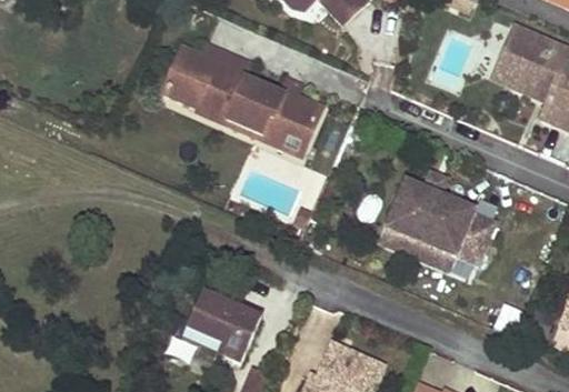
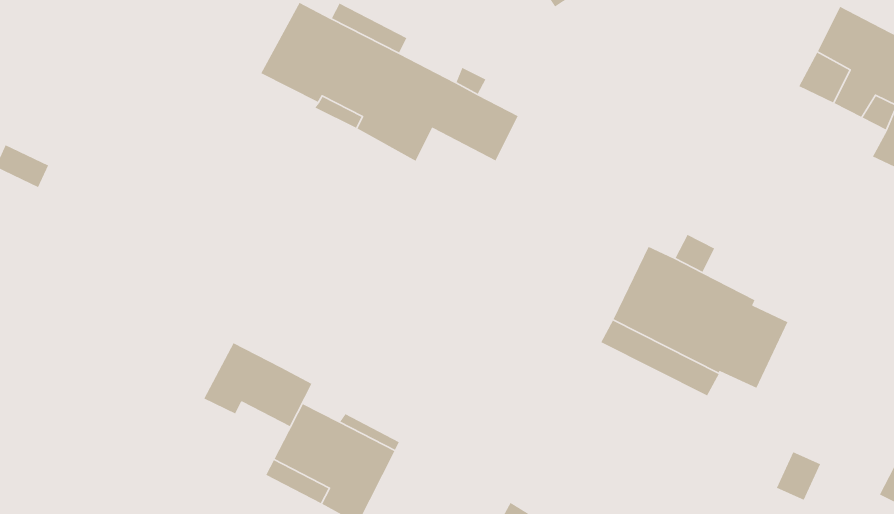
building: [261,117,310,154] -> none
building: none -> [203,342,313,427]

